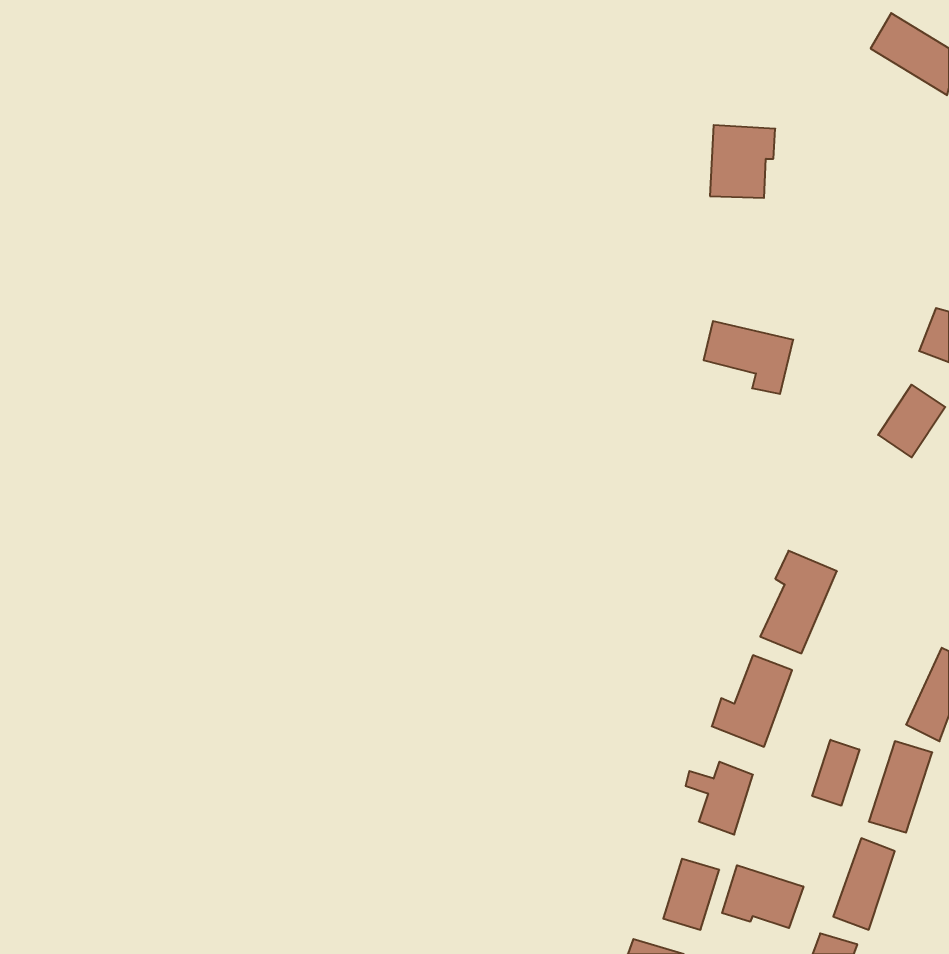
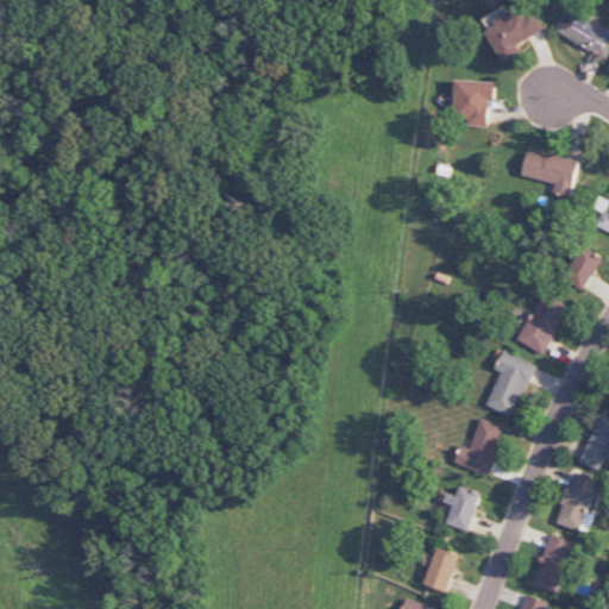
building: none -> [477,6,541,63]
building: [704,321,793,394] -> [520,150,577,196]
building: none -> [516,294,566,353]
building: [812,740,859,806] -> none
building: [722,865,803,928] -> none

